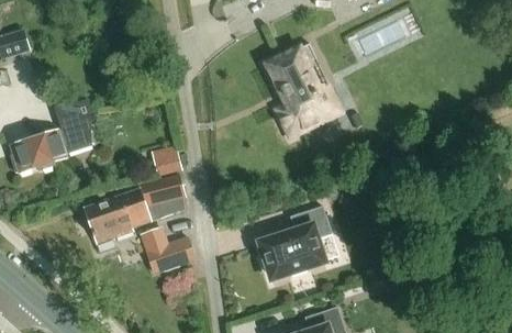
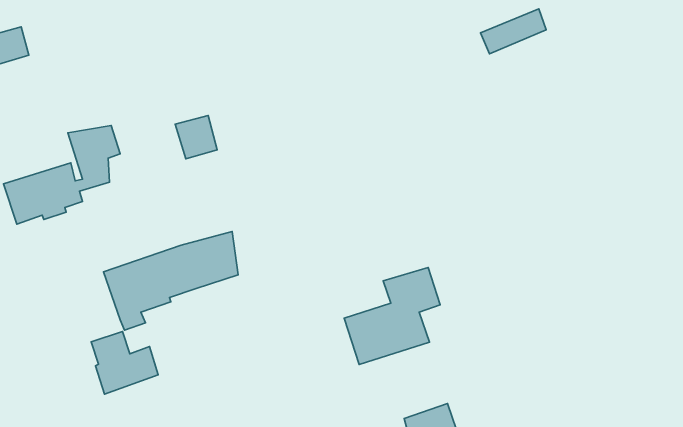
building: [266,43,330,136] -> none
building: [151,144,181,176] -> [175,115,217,159]
building: [142,227,191,274] -> [91,331,158,394]

